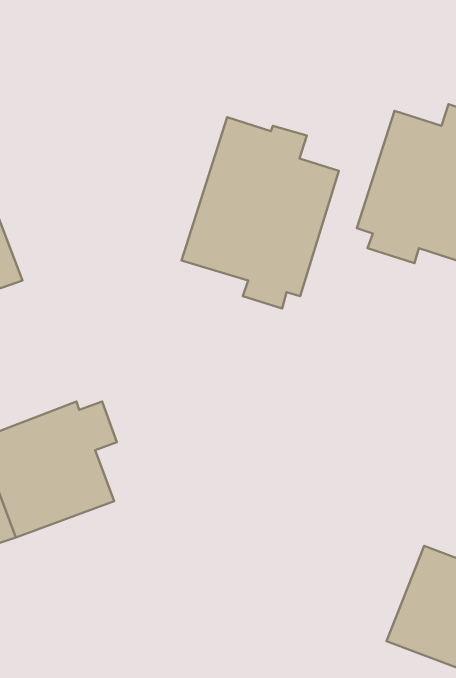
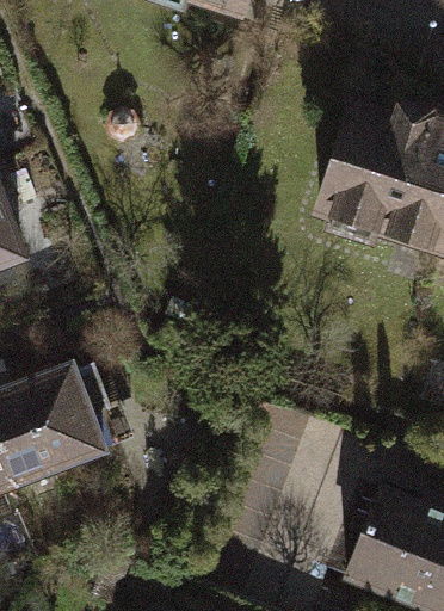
building: [182,117,339,308] -> none

